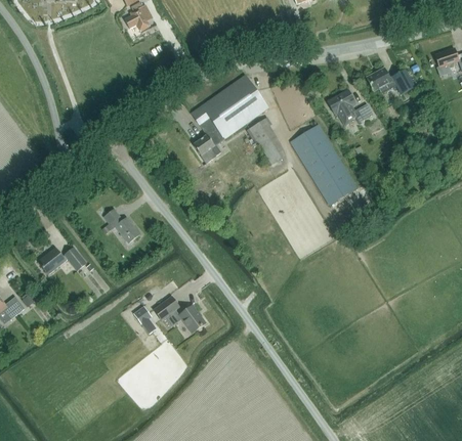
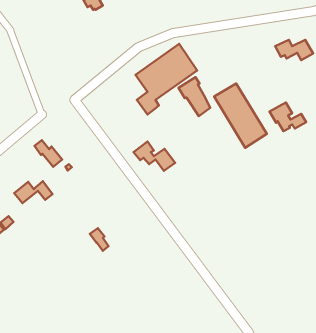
building: [327,89,373,125] -> [270,103,306,131]
building: [104,209,139,242] -> [34,140,62,167]
building: [154,296,206,333] -> [134,142,175,171]

